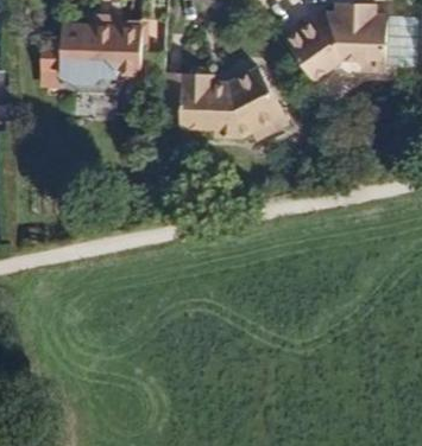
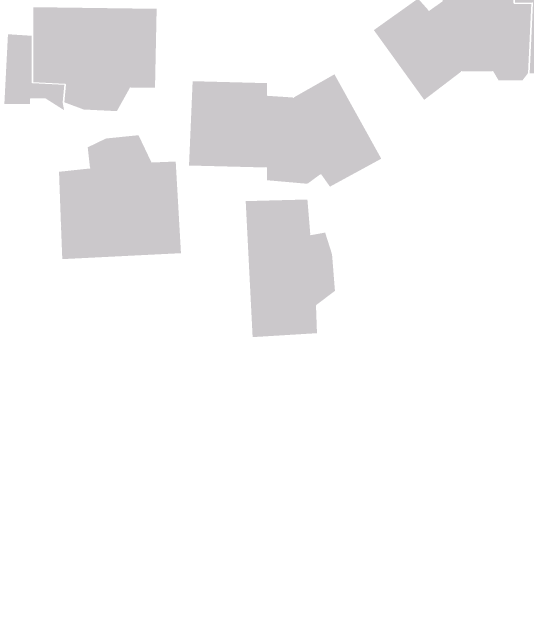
building: none -> [59,135,182,260]
building: none -> [245,199,335,338]

